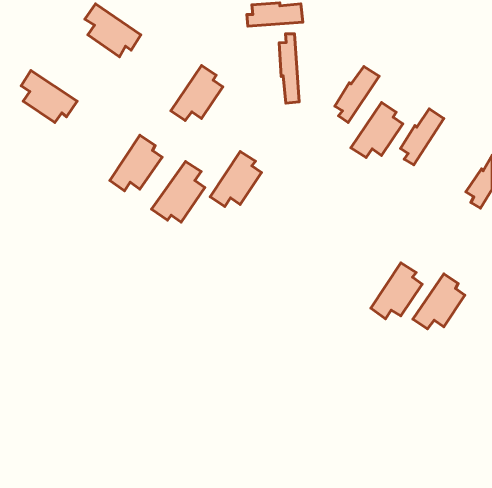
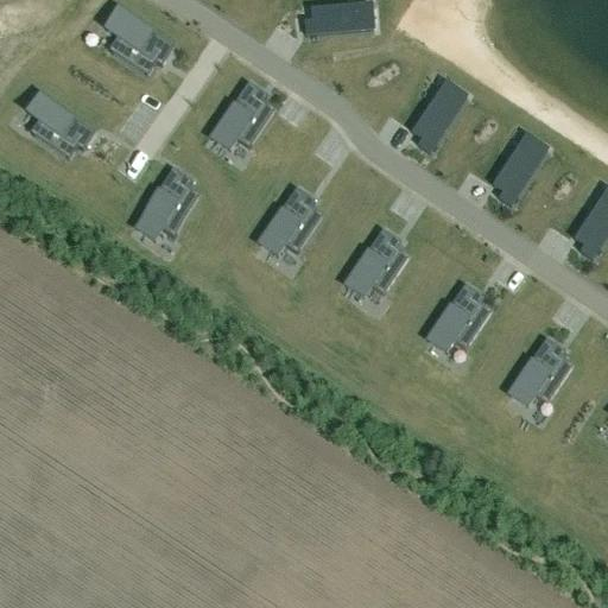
building: [279,34,299,103] -> none
building: [351,103,403,158] -> [344,228,408,296]
building: [151,161,205,222] -> none
building: [371,263,422,319] -> [428,283,490,352]

